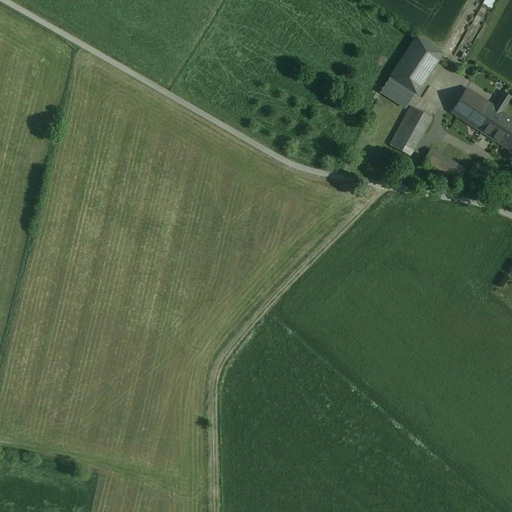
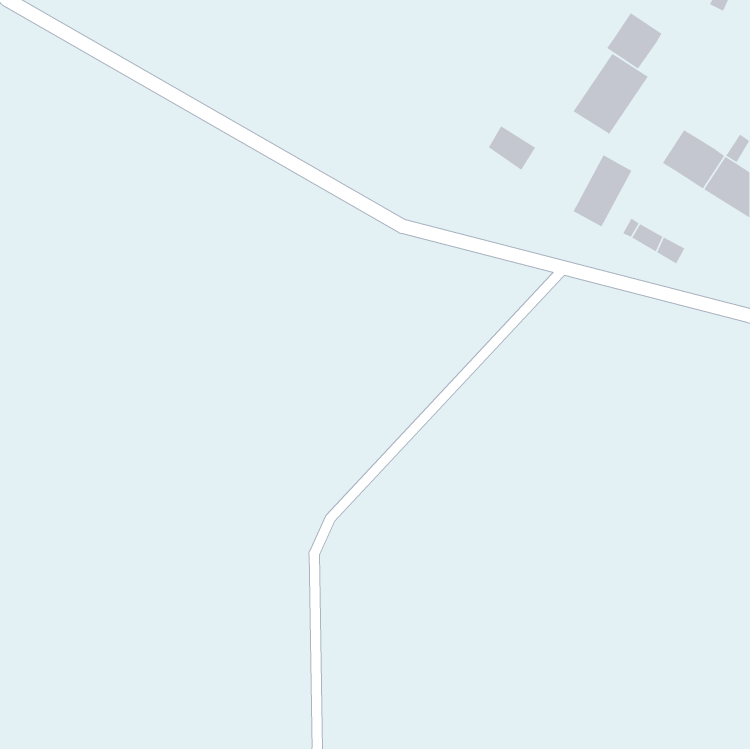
building: none -> [606,12,663,70]
building: [381,76,414,107] -> [488,125,536,171]

